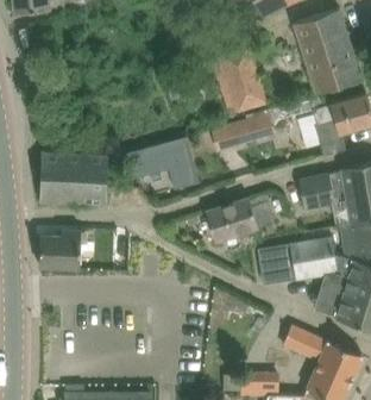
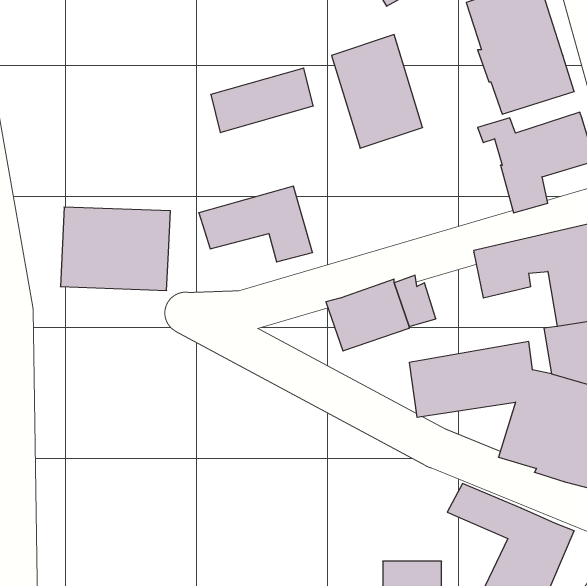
building: [210,111,275,151] -> [211,68,313,133]
building: [39,231,81,267] -> none

